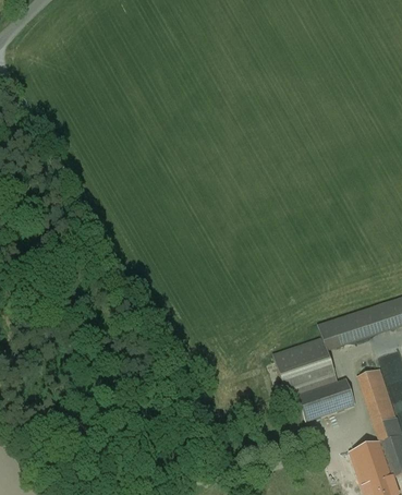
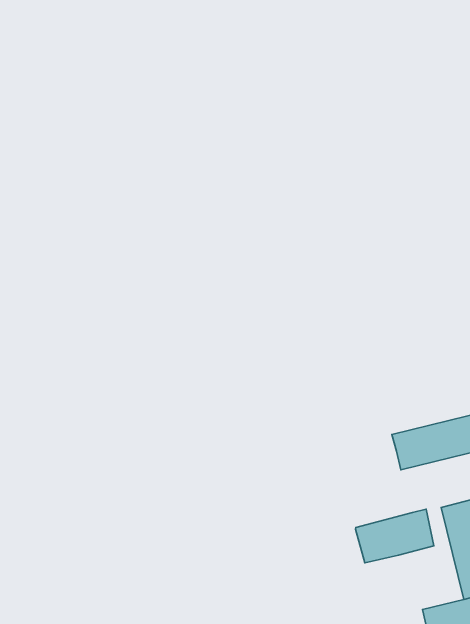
building: [273,337,337,399] -> none

